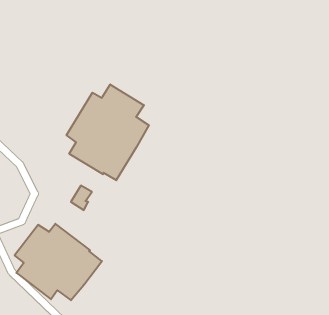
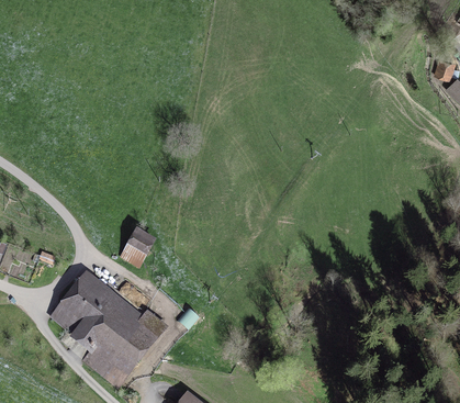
building: [67,84,149,180] -> none

